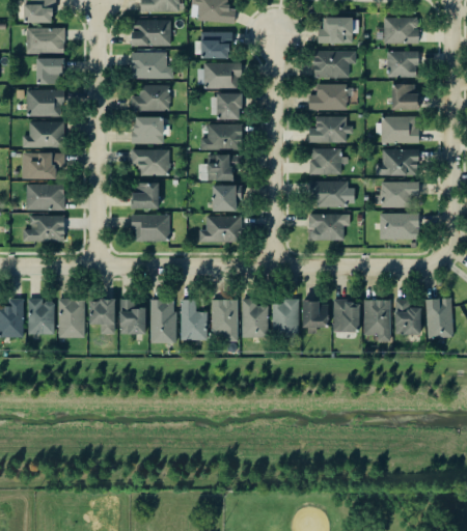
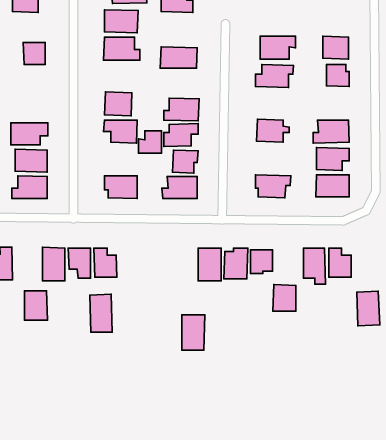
building: [319,17,353,44] -> none
building: [383,18,419,44] -> none
building: [27,28,64,54] -> none
building: [201,32,231,58] -> none
building: [132,85,170,111] -> none
building: [27,89,63,116] -> none
building: [217,92,242,119] -> none
building: [309,116,353,143] -> none
building: [381,116,418,143] -> none
building: [23,121,64,147] -> none
building: [312,181,349,207] -> none
building: [132,183,159,208] -> [139,131,162,153]
building: [427,298,454,338] -> [357,291,380,326]
building: [150,299,176,343] -> [90,294,112,332]
building: [28,300,55,334] -> [24,291,47,320]
building: [181,300,208,341] -> none
building: [212,300,239,341] -> [182,315,205,350]
building: [333,301,360,332] -> [273,285,296,311]

